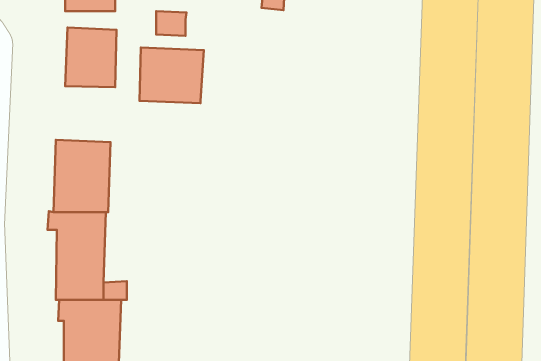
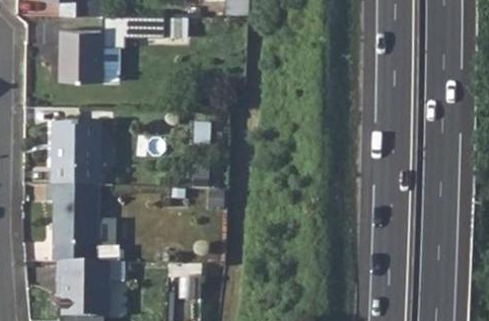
building: [139,48,204,103] -> none

